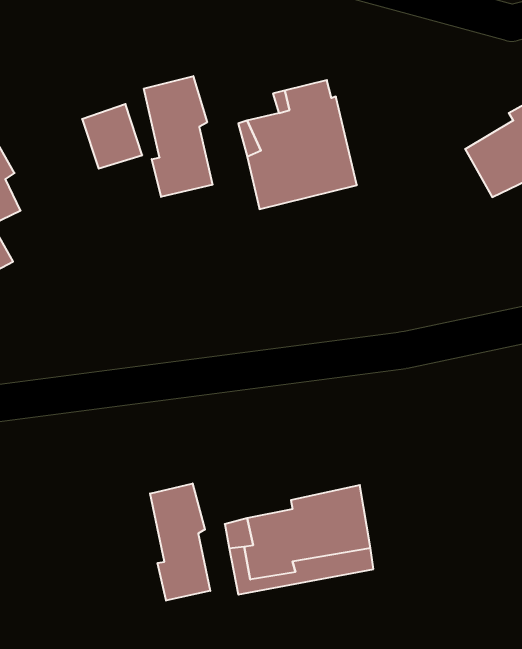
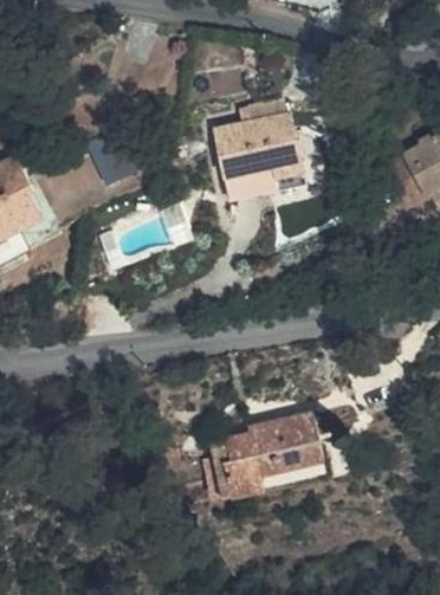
building: [144,76,213,197] -> none
building: [150,483,210,601] -> none

